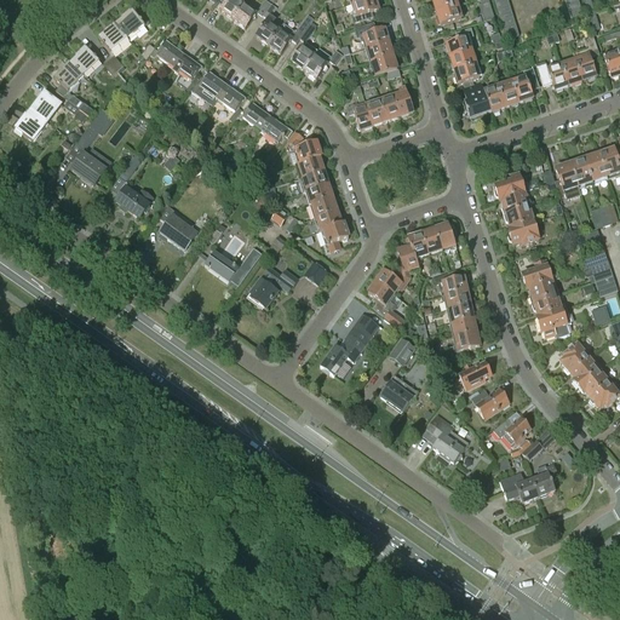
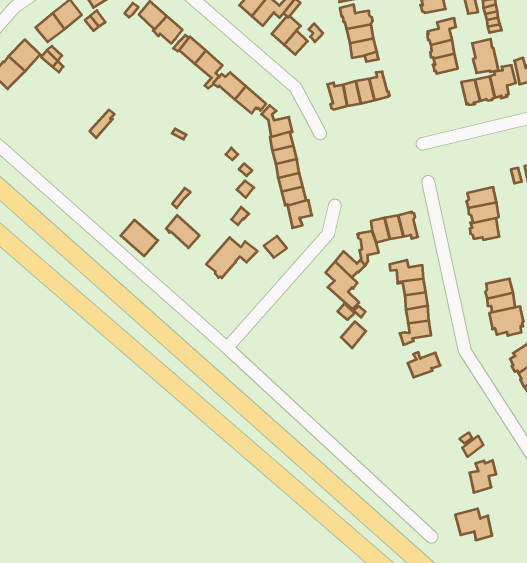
building: [463,80,492,115] -> [472,39,498,73]
building: [71,107,113,184] -> none
building: [494,171,527,199] -> none
building: [115,185,154,217] -> none
building: [160,214,197,249] -> [121,220,158,256]
building: [521,258,552,288] -> none
building: [320,312,379,375] -> none
building: [379,373,418,411] -> none
building: [471,388,509,418] -> none
building: [426,413,469,461] -> none
building: [493,417,530,446] -> none
building: [499,471,538,503] -> [455,509,492,540]

